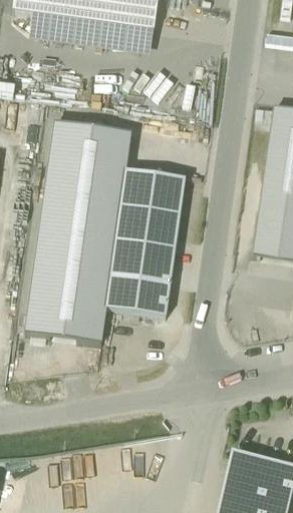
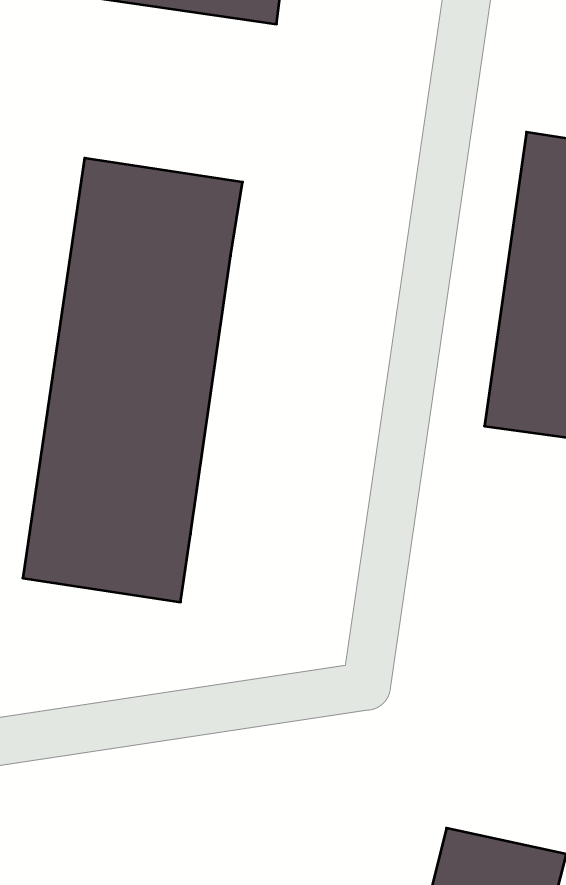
building: [104,168,185,317] -> none

